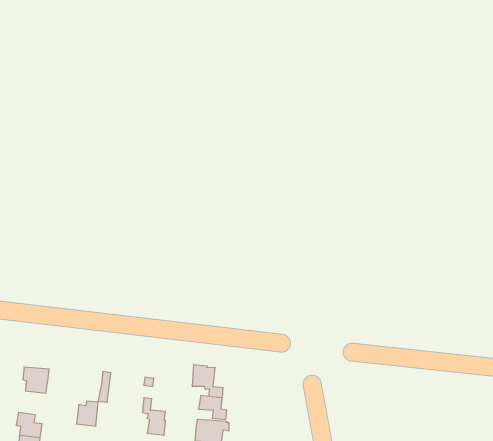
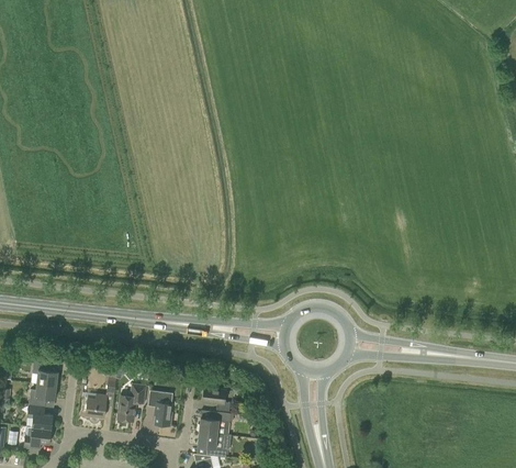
building: [192,364,223,398] -> none
building: none -> [117,383,147,423]
building: none -> [30,385,56,408]

